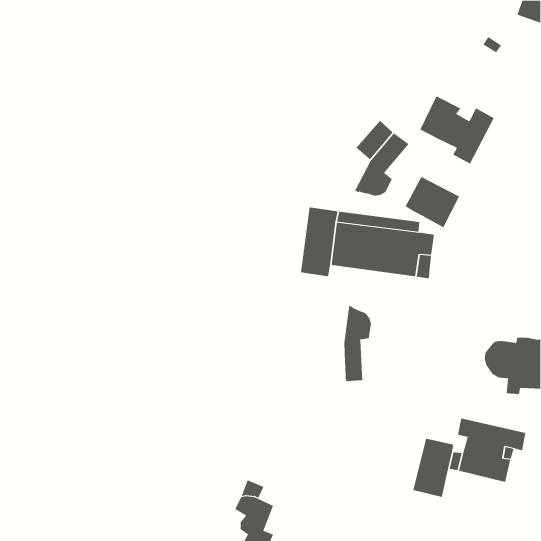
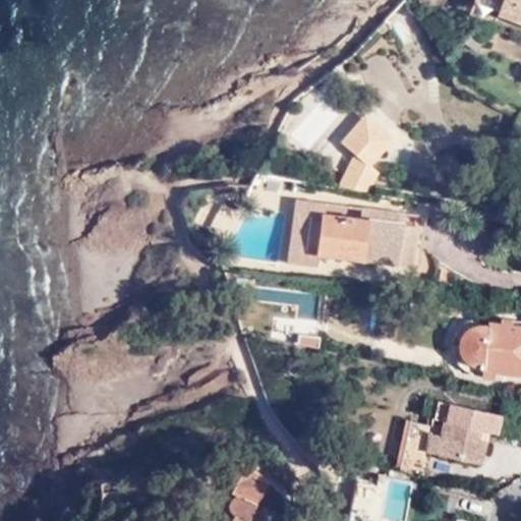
building: [420,95,494,165] -> none
building: [405,176,460,228] -> none
building: [344,305,372,382] -> none

